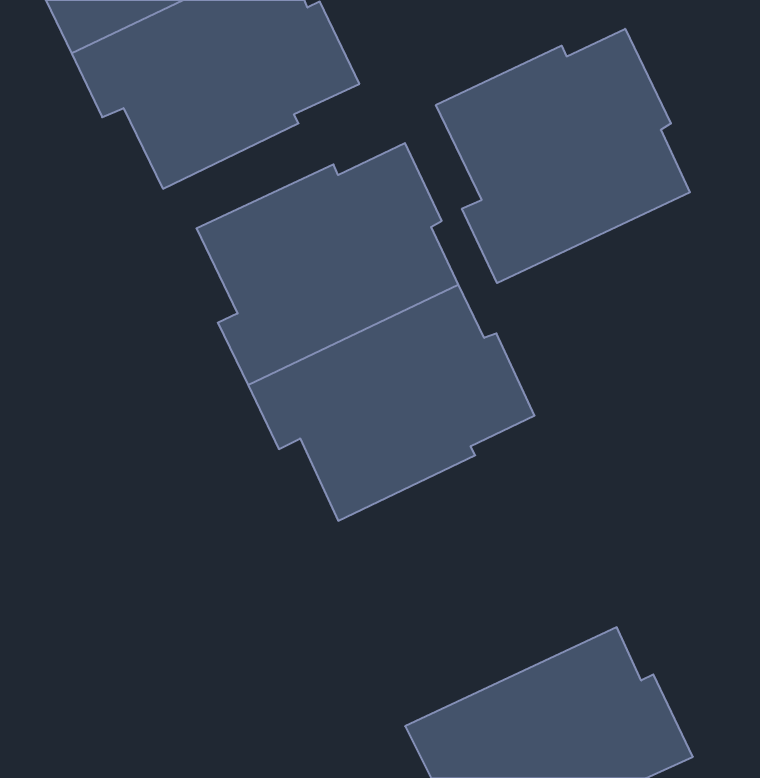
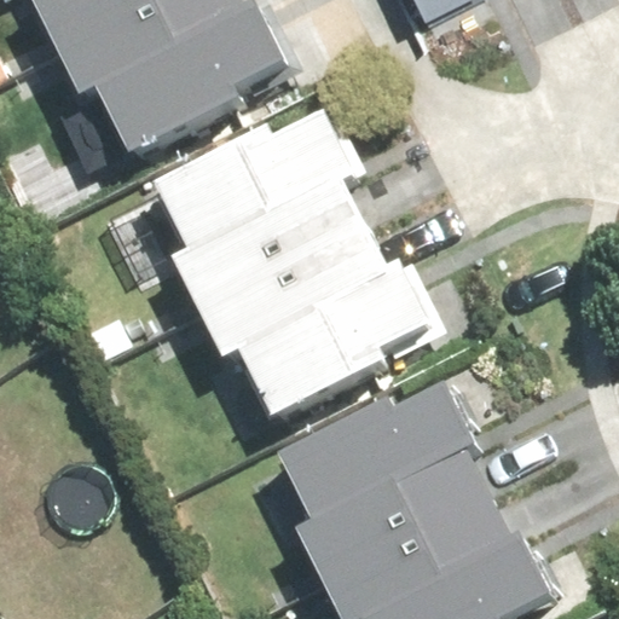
building: [436,29,690,283] -> none
building: none -> [282,386,490,577]

